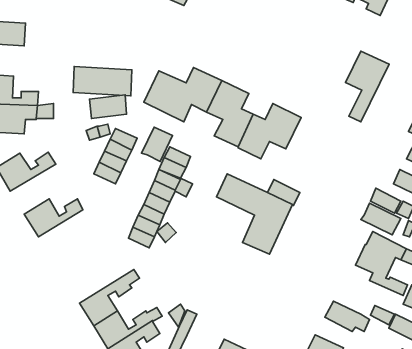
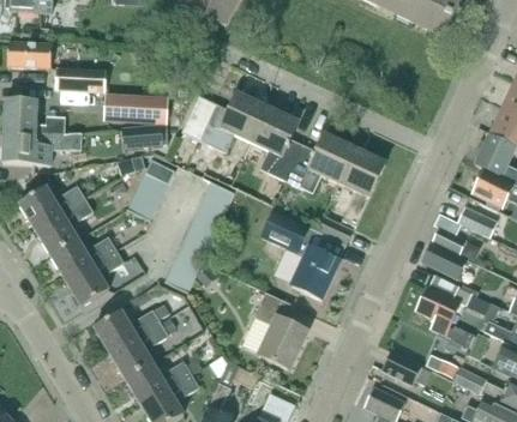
building: none -> [55,70,106,94]
building: [346,51,389,122] -> [339,149,387,227]
building: [141,127,173,161] -> none
building: none -> [35,200,92,255]
building: none -> [66,251,124,306]
building: none -> [242,293,308,369]
building: none -> [95,303,170,354]

